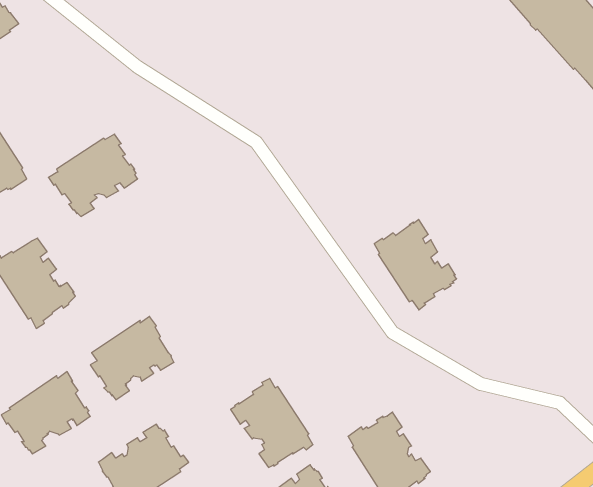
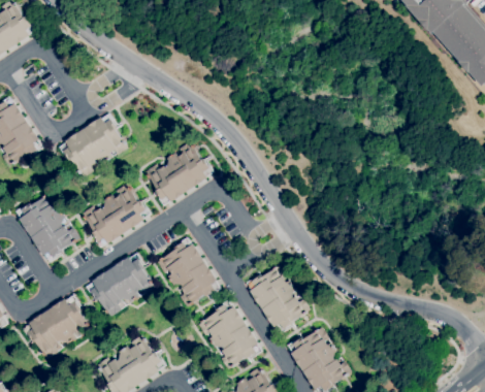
building: none -> [146,141,214,205]
building: [374,219,457,310] -> [247,264,310,333]
building: none -> [83,184,151,247]
building: none -> [157,237,220,306]

